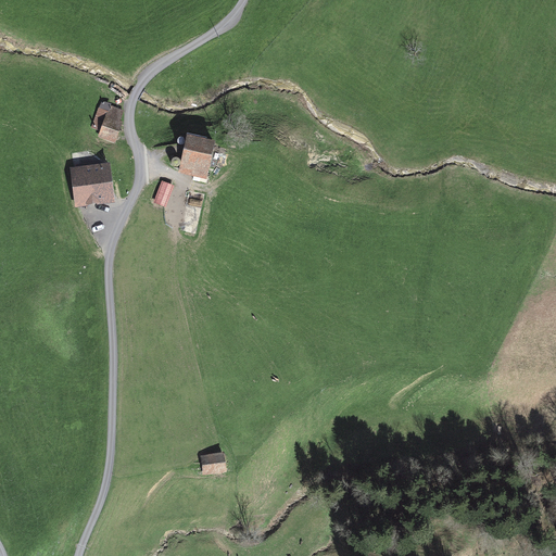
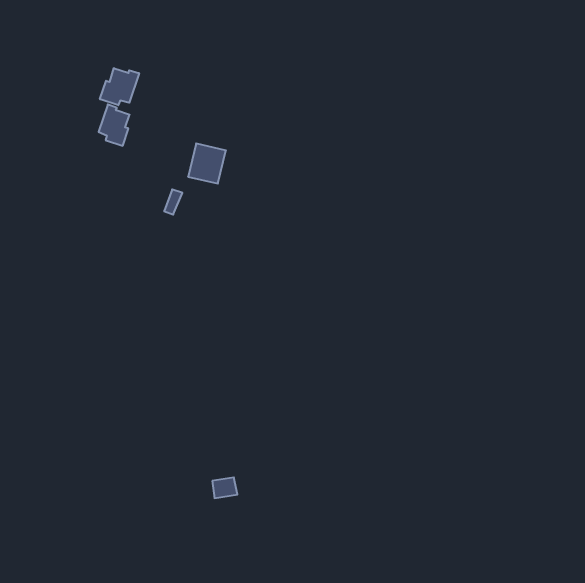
building: none -> [100,68,139,105]
building: [73,164,111,201] -> none

